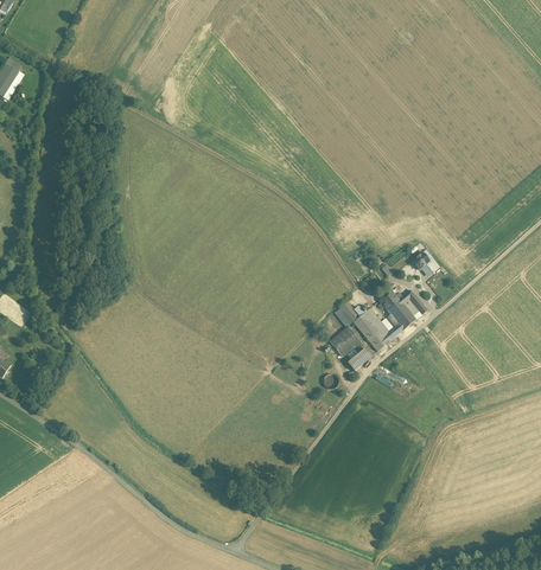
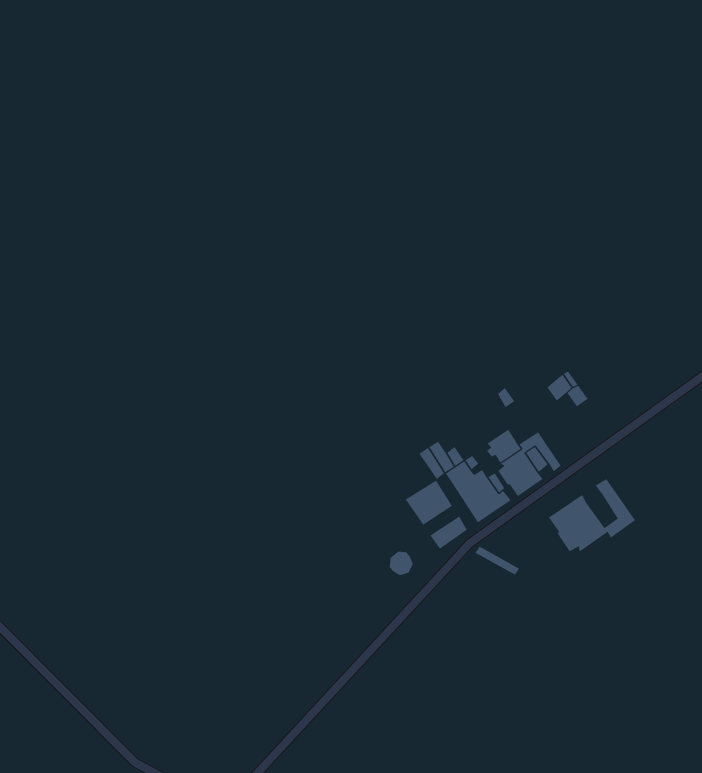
building: none -> [548,479,636,552]

